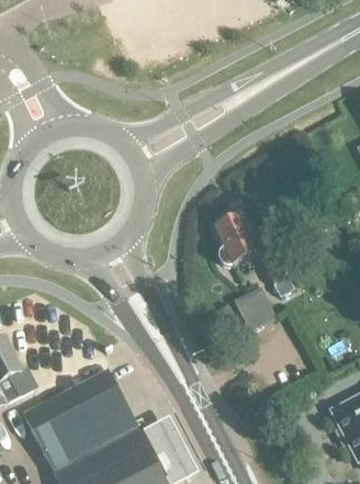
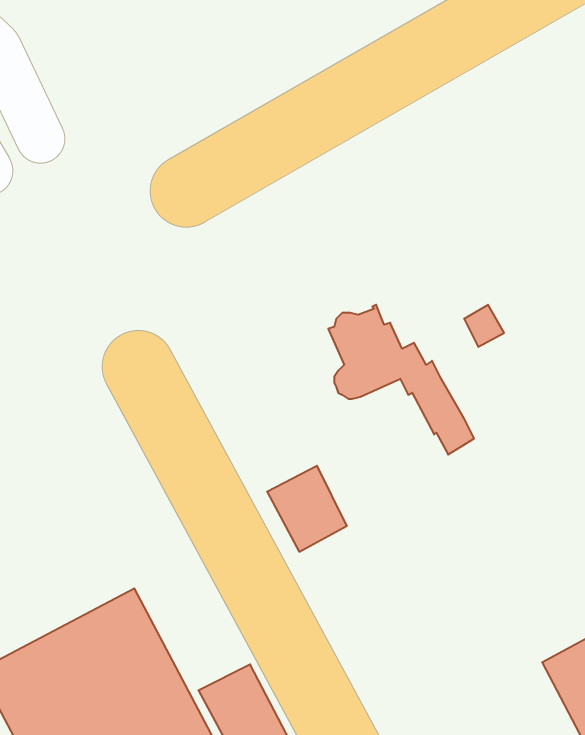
building: [233,284,277,331] -> [267,466,347,552]

